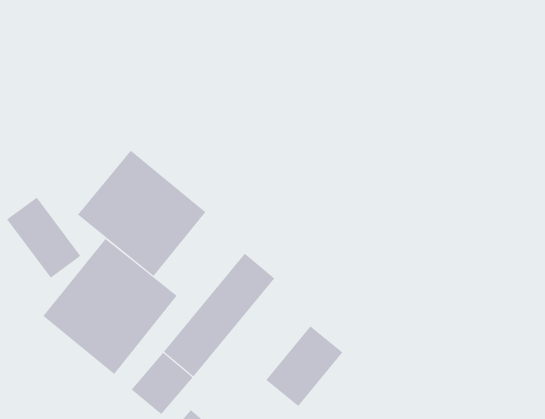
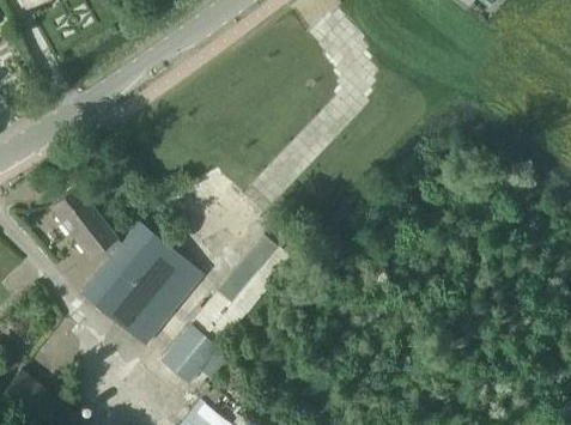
building: [77,150,206,277] -> none
building: [266,325,343,407] -> none

